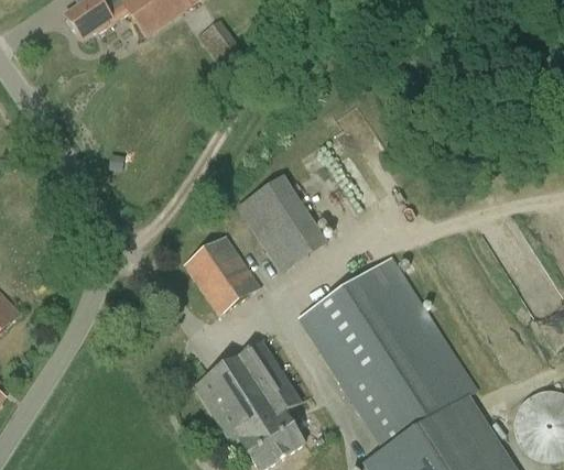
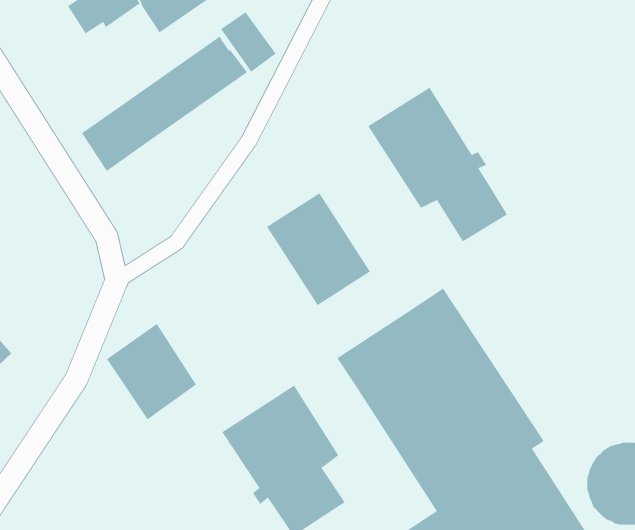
building: none -> [81,36,248,172]
building: none -> [368,87,508,242]
building: [182,232,260,316] -> [106,323,197,420]

